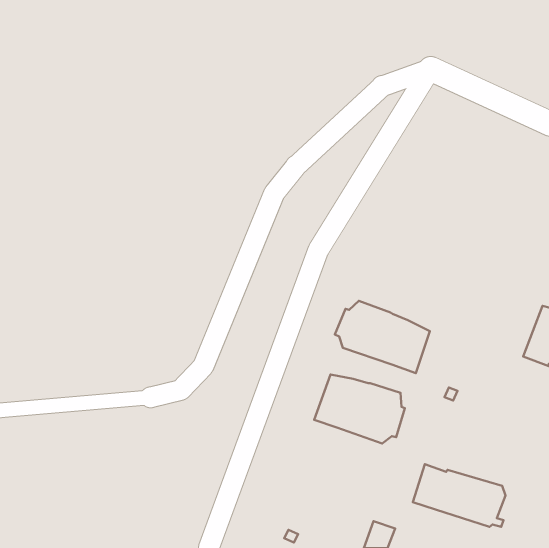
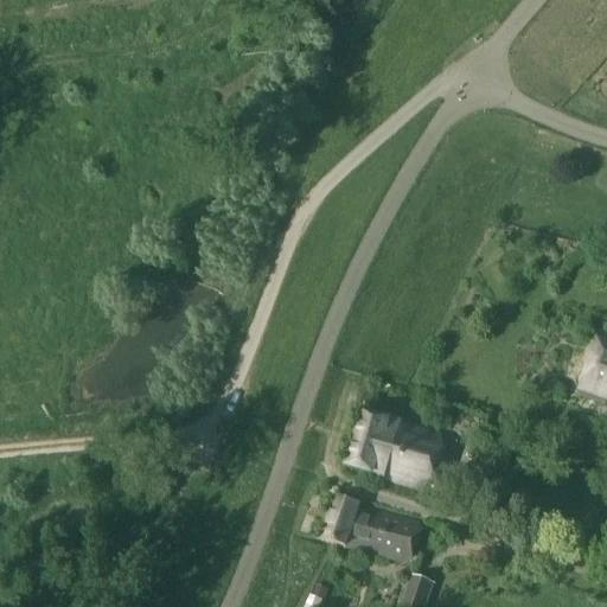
building: [335,301,430,373] -> none
building: [413,464,505,527] -> [322,496,424,564]

